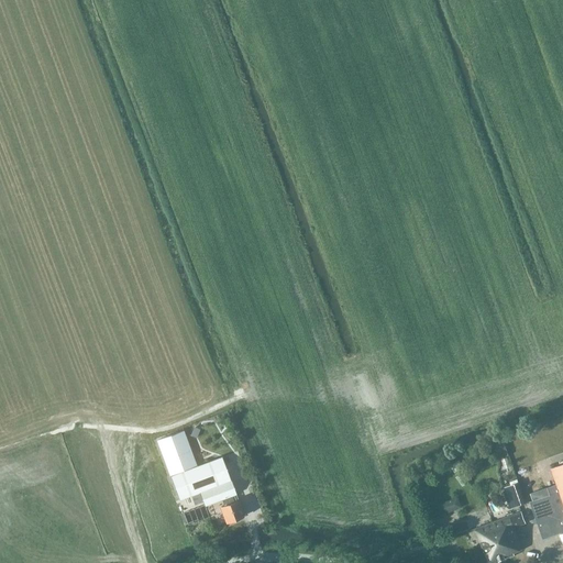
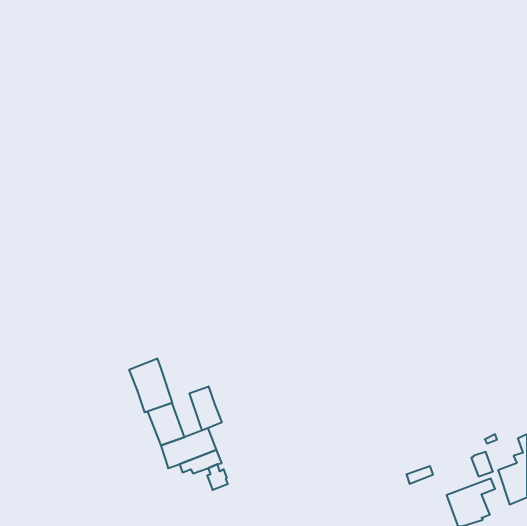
building: none -> [129,358,172,412]
building: none -> [189,386,222,430]

